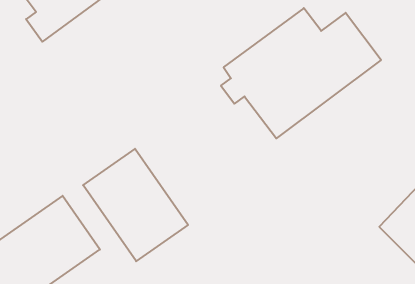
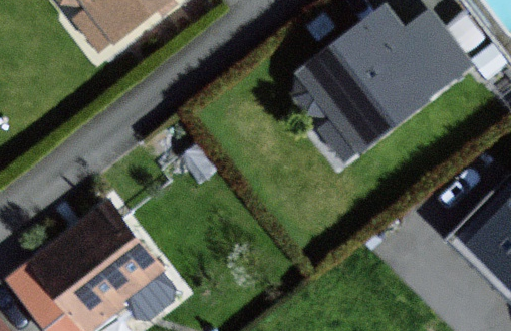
building: [83,149,188,261] -> none

